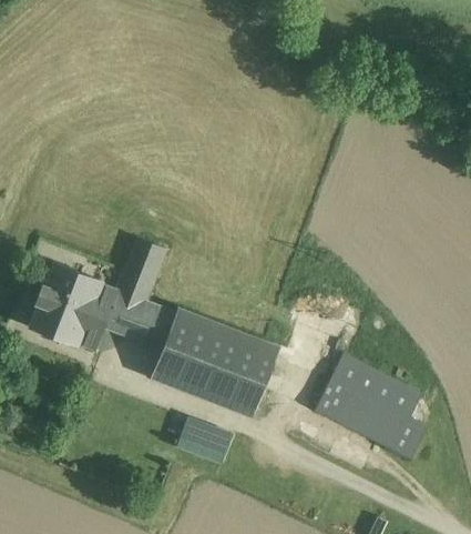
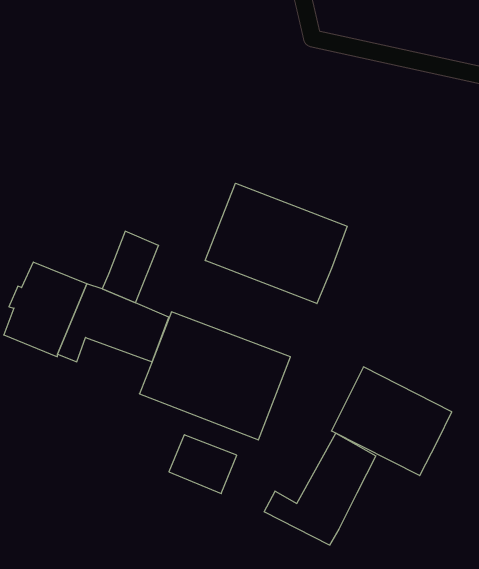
building: none -> [205,183,347,304]
building: none -> [264,433,376,545]
building: [392,419,427,459] -> none

